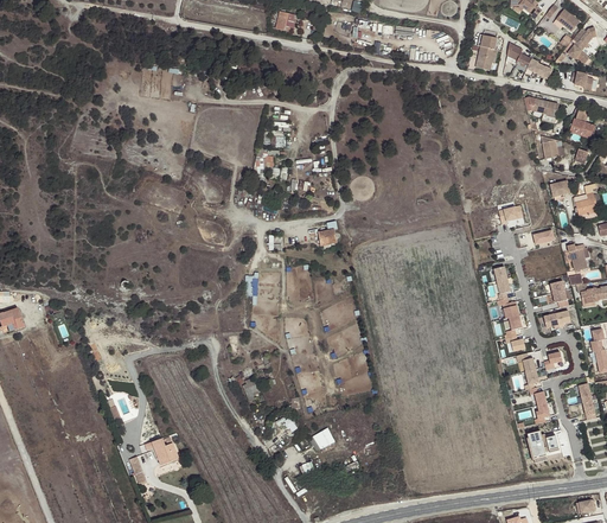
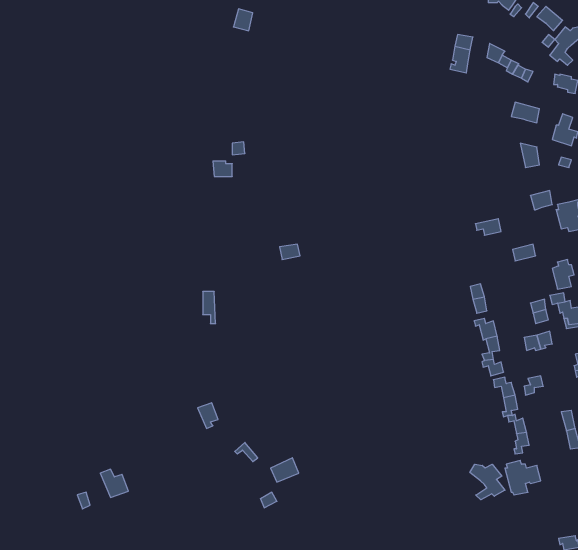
building: none -> [470,464,505,500]

